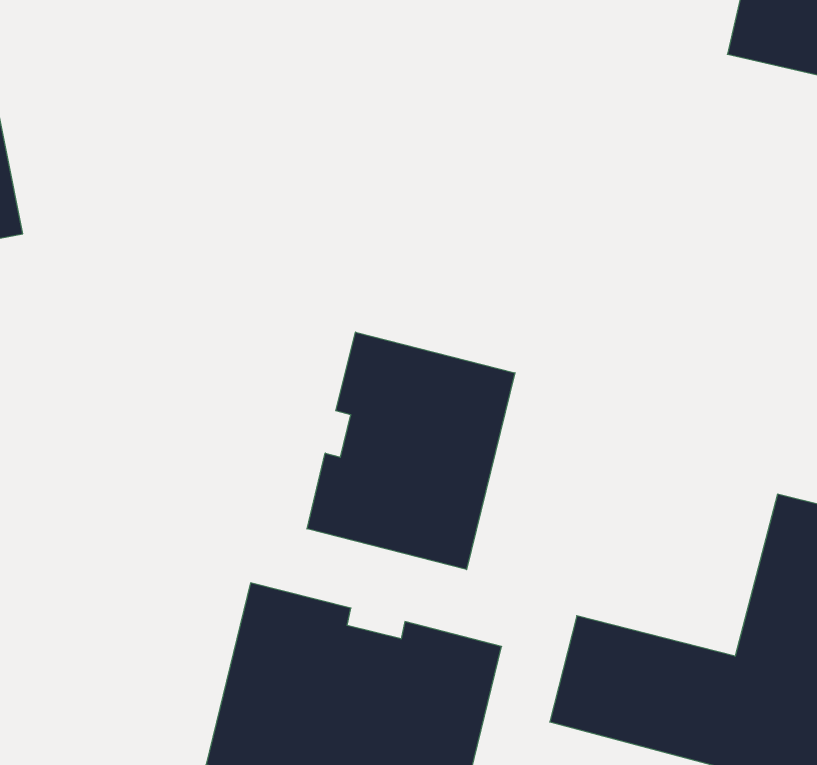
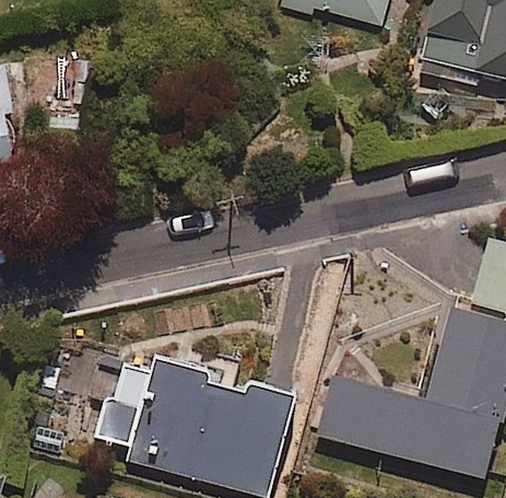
building: [307,332,515,570] -> none

